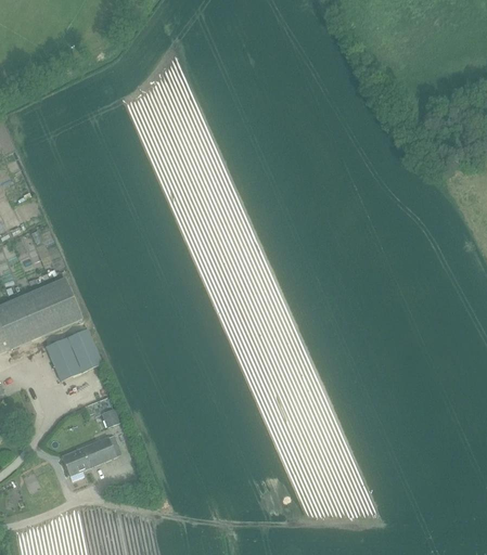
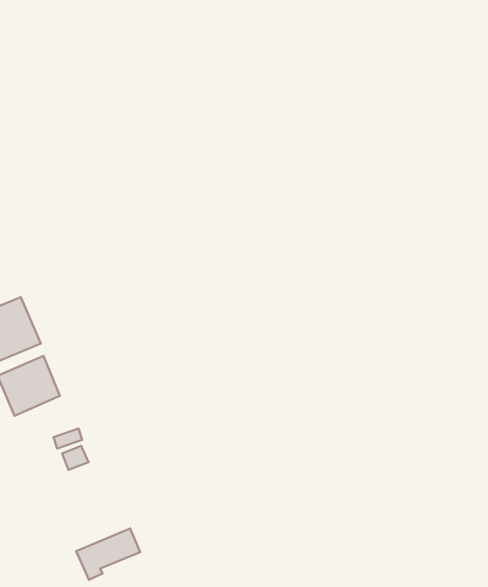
building: [61,436,116,480] -> [76,528,140,580]

